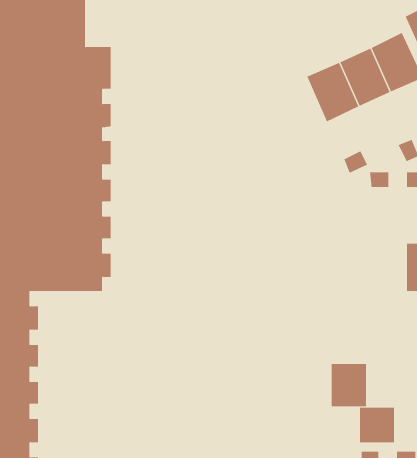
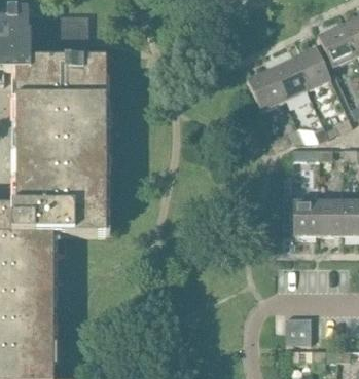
building: none -> [293,199,319,234]
building: [331,363,366,407] -> none

